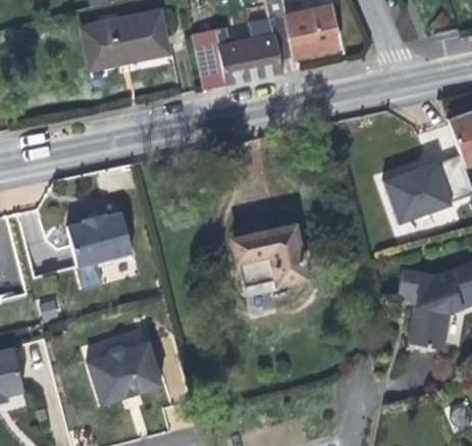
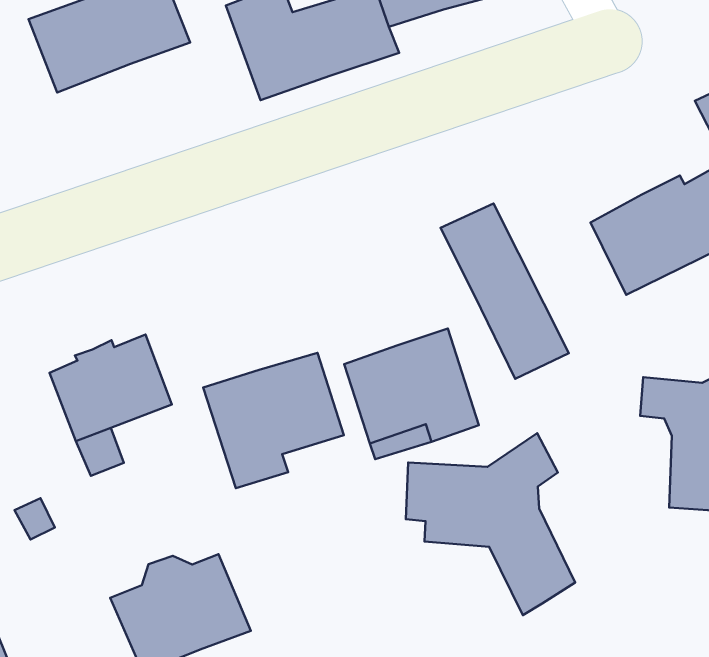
building: none -> [440,203,569,379]
building: none -> [203,353,344,488]
building: none -> [406,433,575,615]

